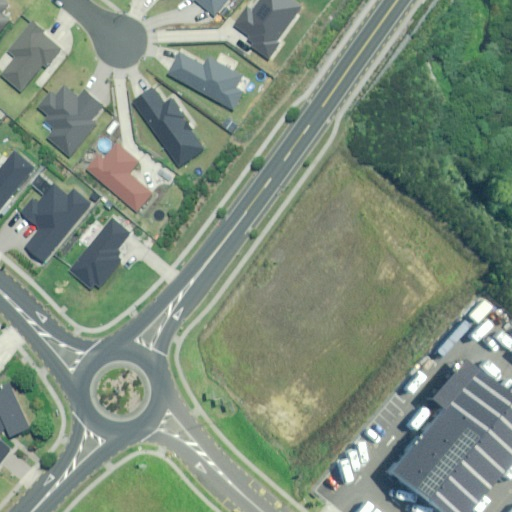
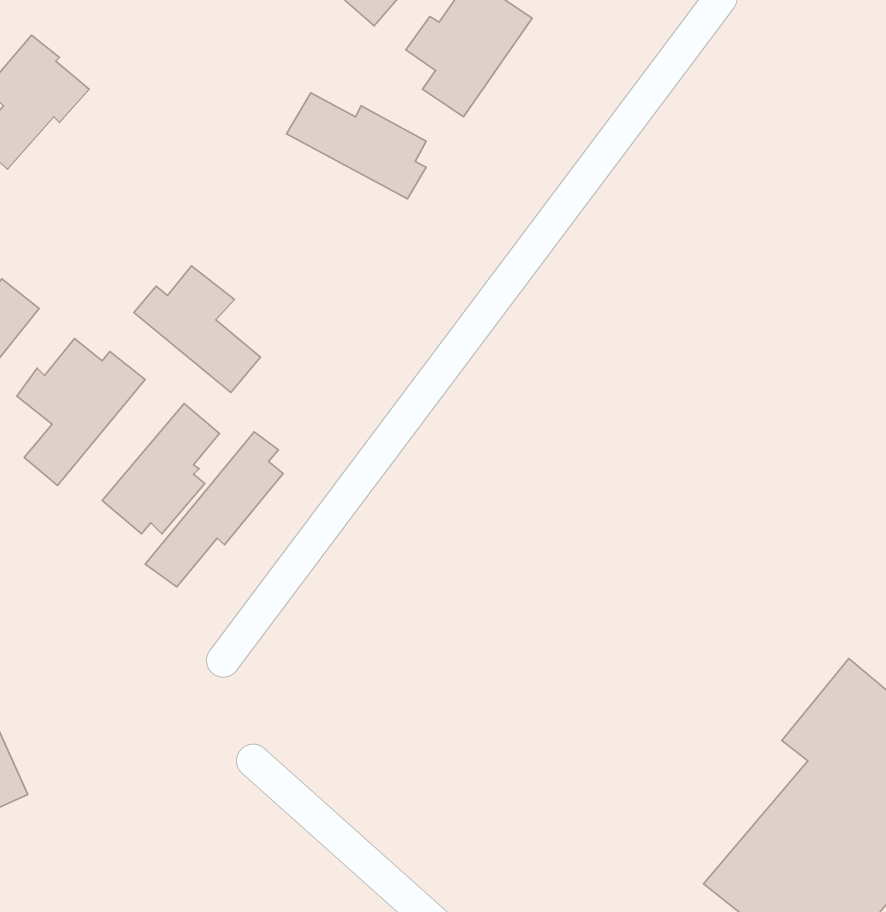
building: [37,86,101,156] -> none
building: [132,87,204,167] -> none
building: none -> [145,432,283,587]

